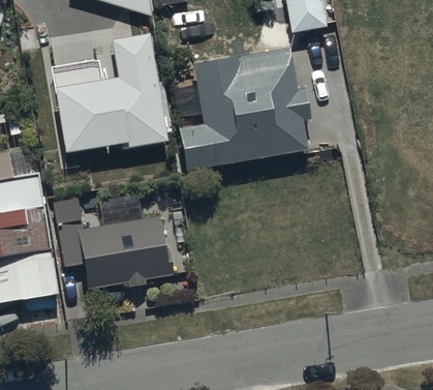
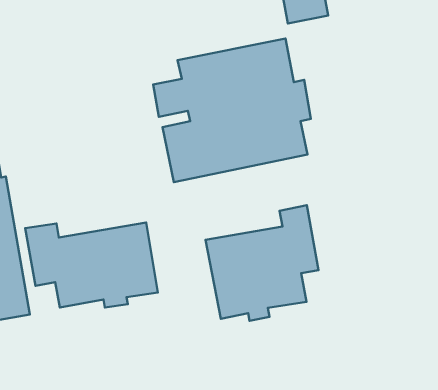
building: [50,32,169,153] -> none
building: none -> [206,205,318,321]

